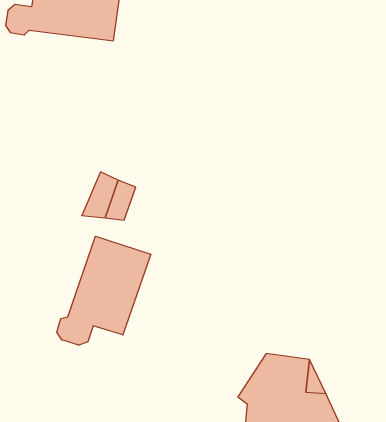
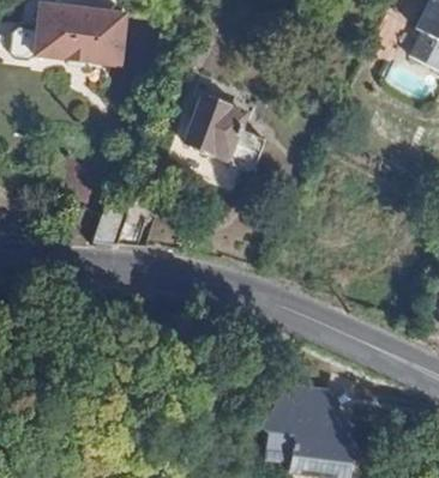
building: none -> [187,97,267,171]
building: [57,236,151,345] -> none

